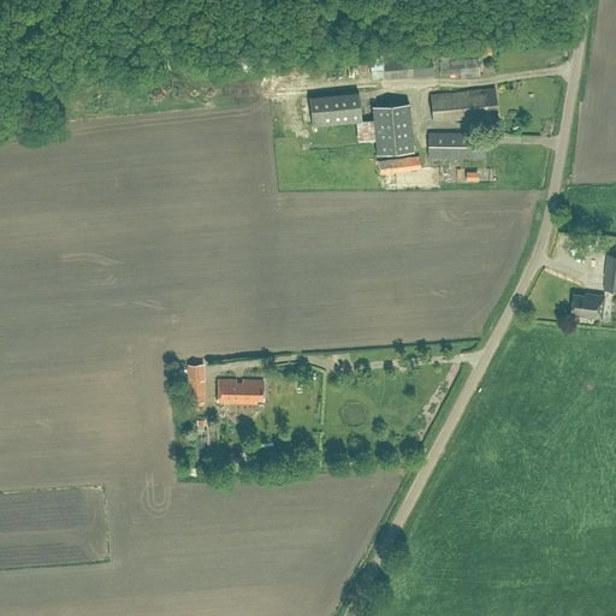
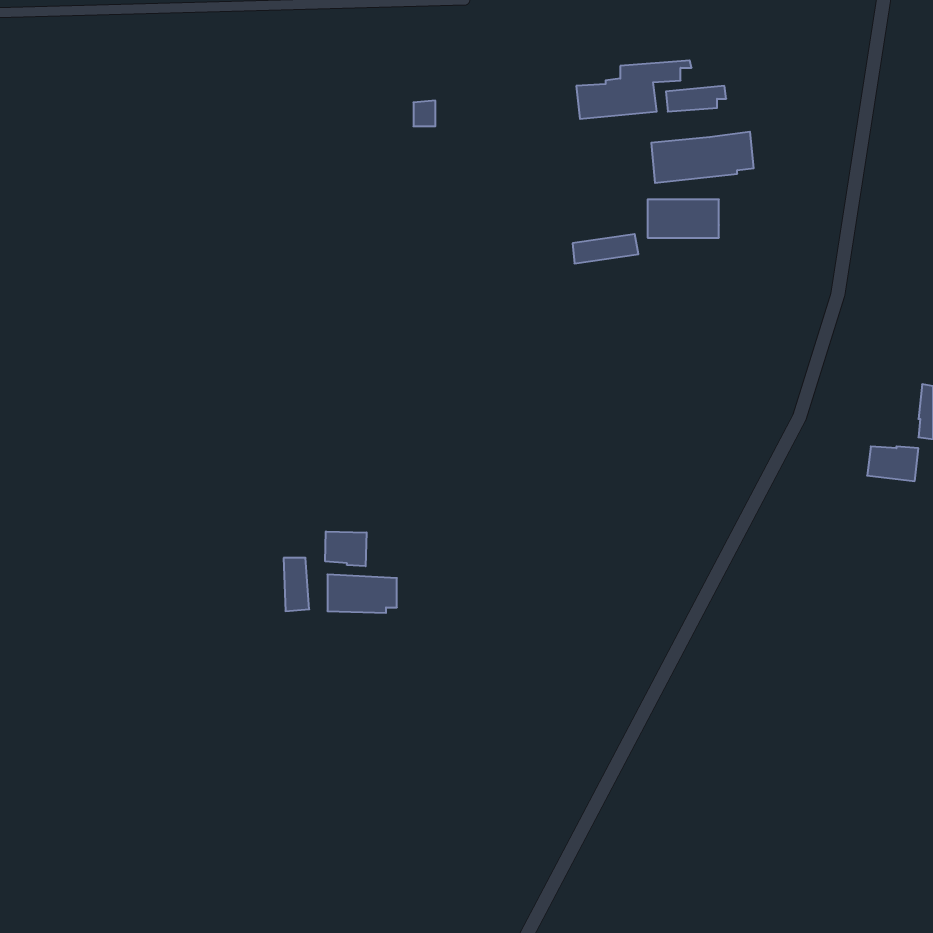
building: [308,93,360,126] -> none
building: [374,102,415,153] -> none
building: none -> [325,531,367,566]

